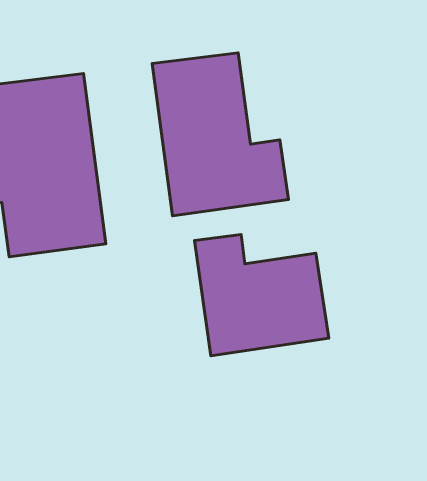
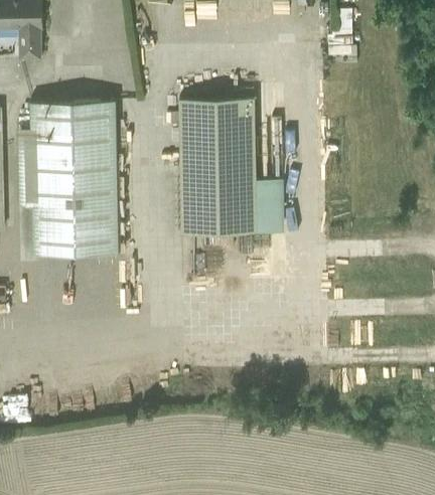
building: [195,235,329,356] -> none

